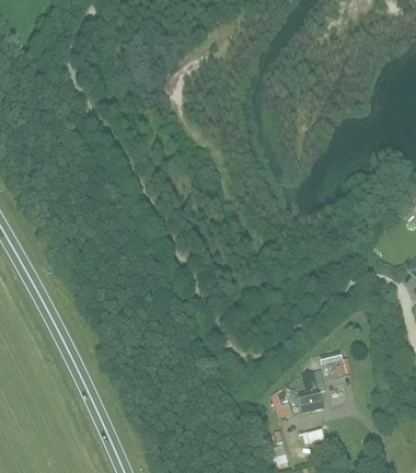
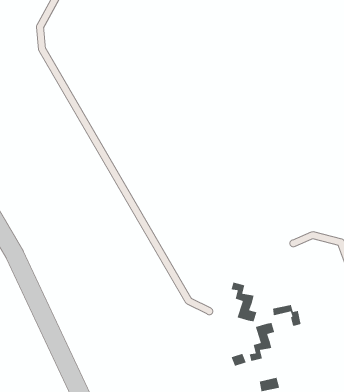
building: none -> [231,282,258,322]

